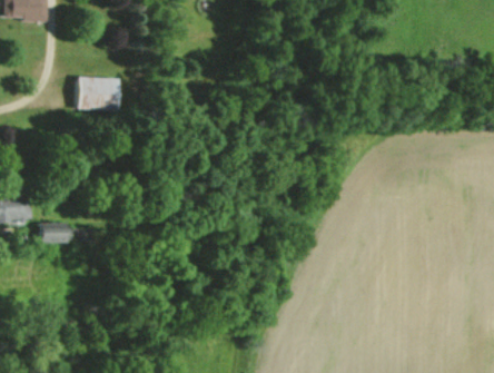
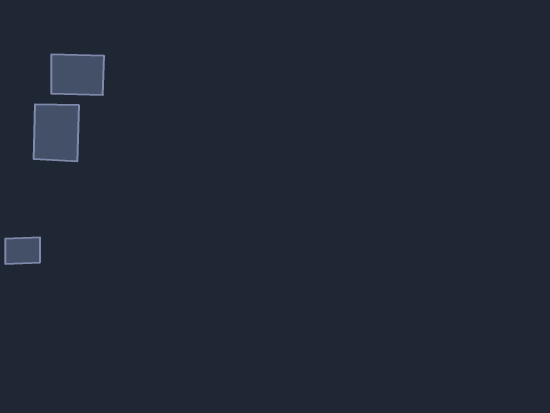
building: none -> [34,104,79,161]

